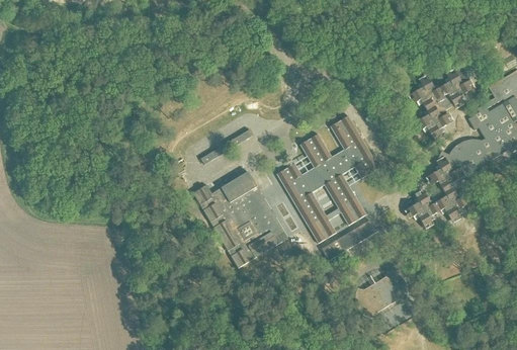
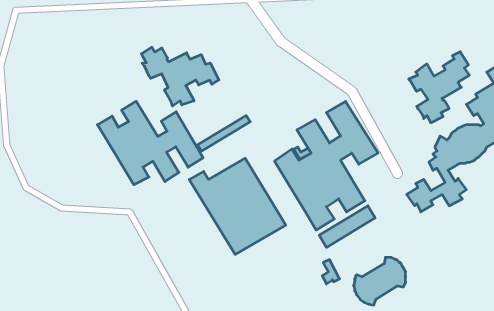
building: none -> [141,47,219,106]
building: none -> [97,101,203,185]

